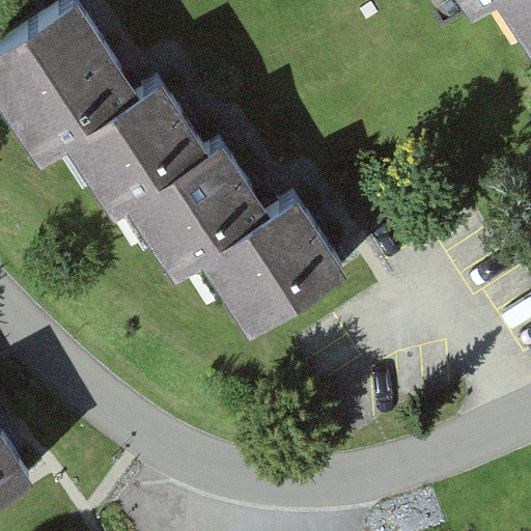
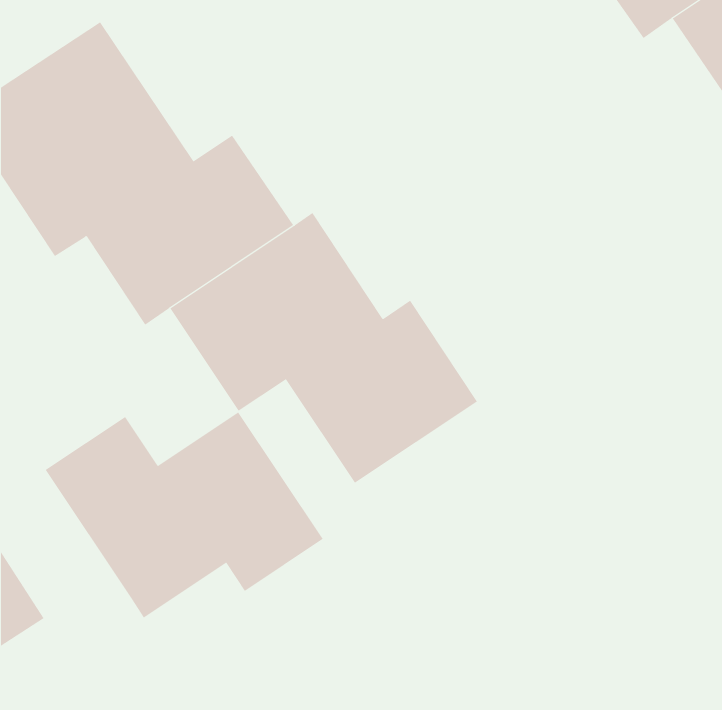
building: none -> [45,412,324,619]

